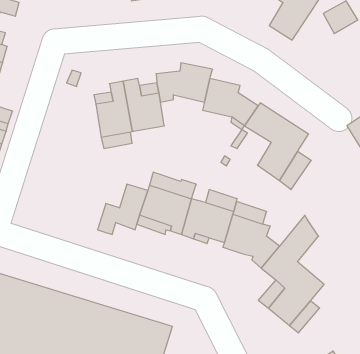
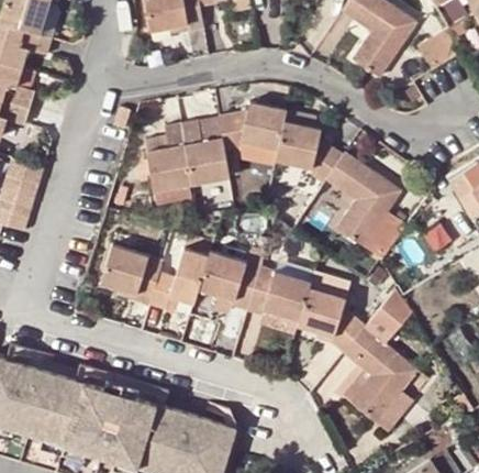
building: none -> [99,248,159,306]

